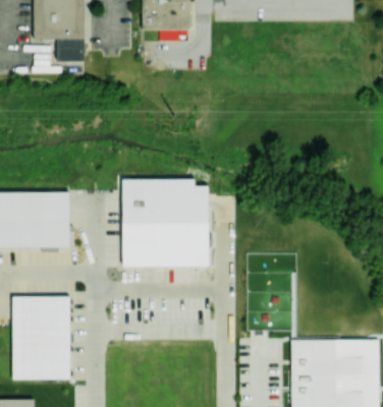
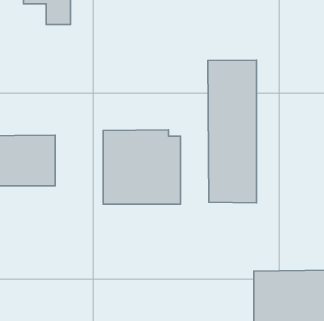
building: none -> [208,60,256,203]
building: [12,295,70,379] -> none

